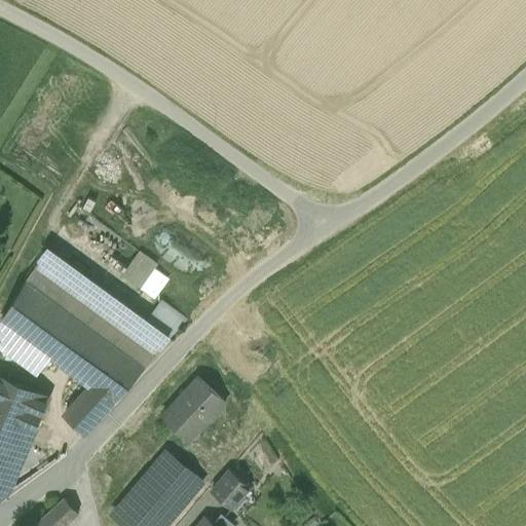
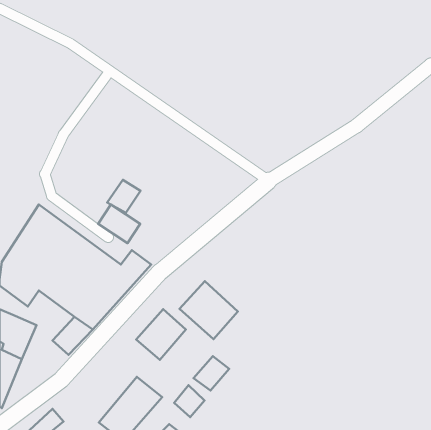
building: none -> [107,180,140,213]
building: none -> [179,281,238,339]
building: none -> [194,356,229,390]

